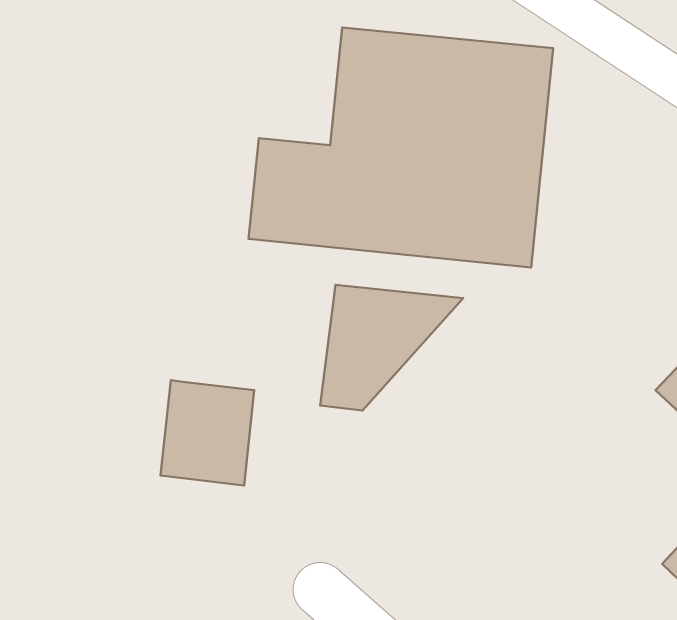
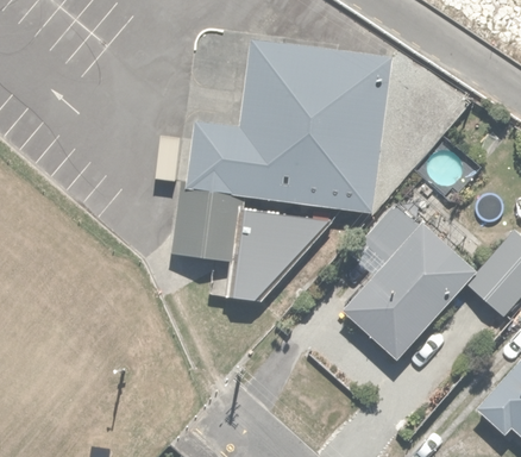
building: none -> [344,207,471,359]
building: [161,380,254,486] -> [174,190,239,264]

